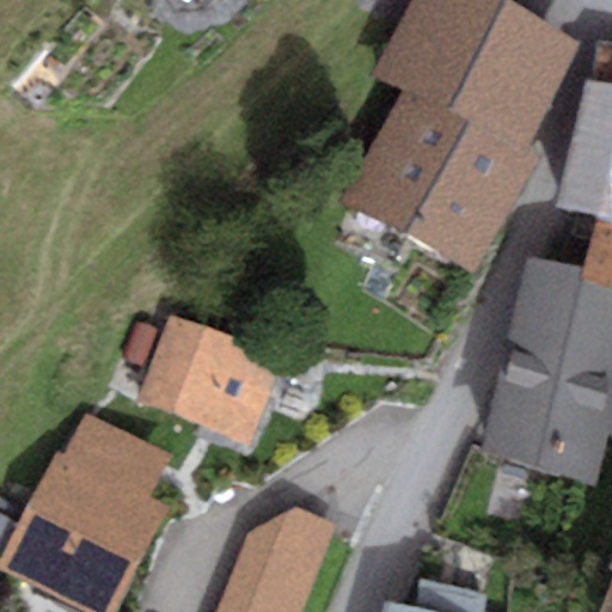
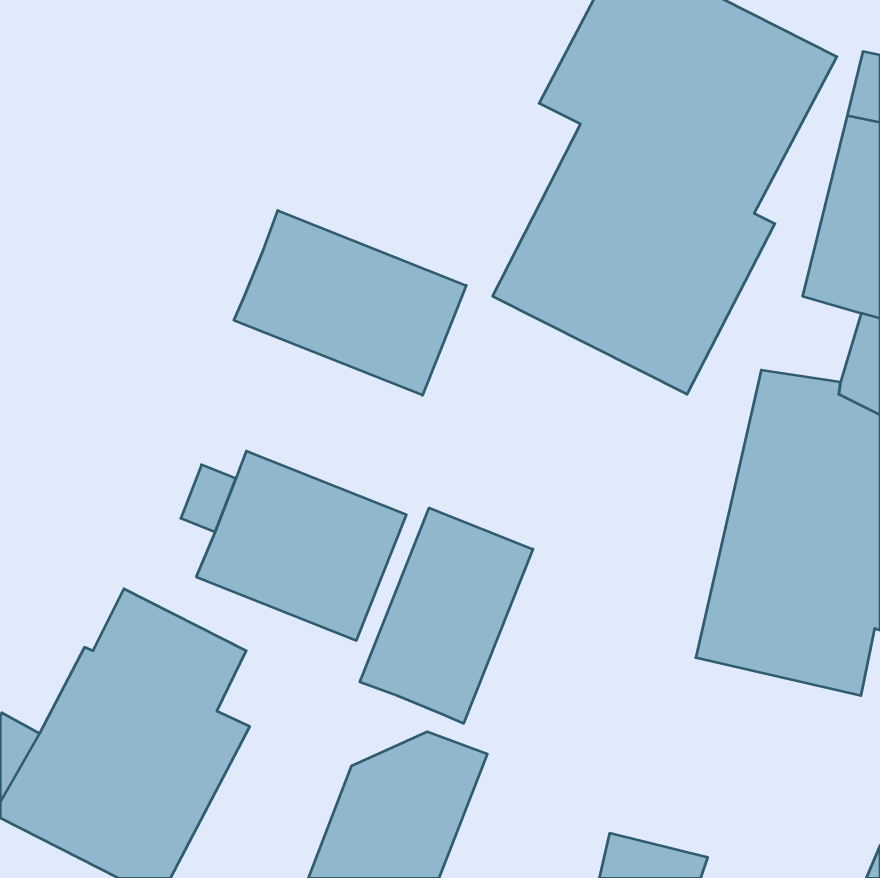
building: none -> [234,210,466,395]
building: none -> [360,508,533,723]

